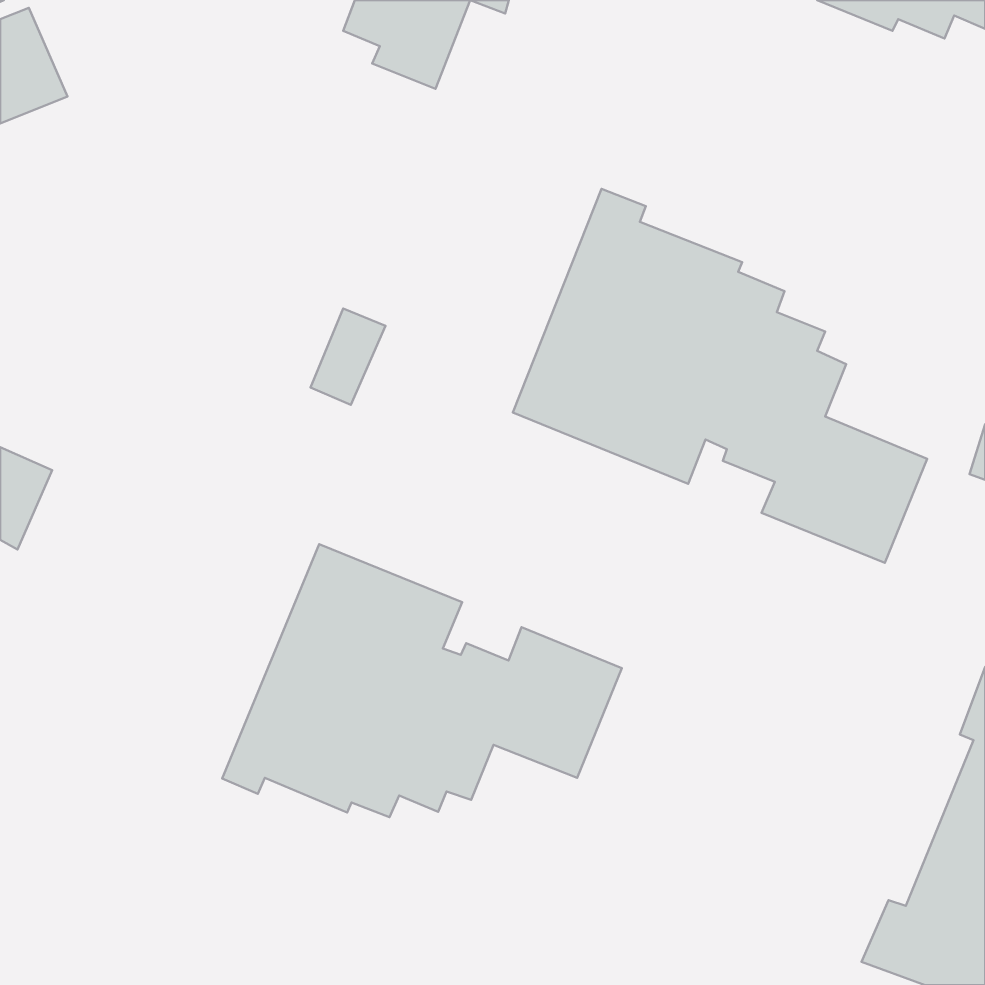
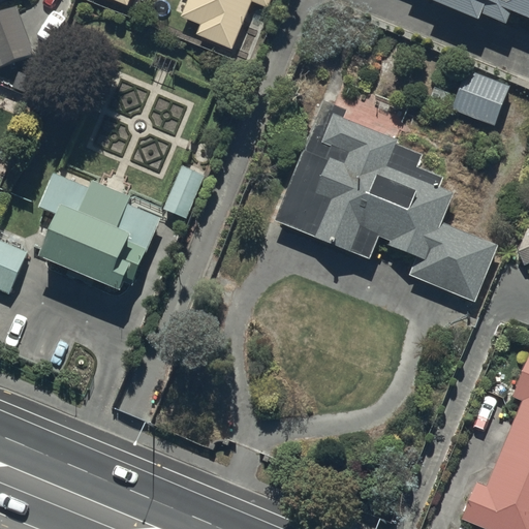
building: none -> [450,68,510,125]
building: none -> [37,168,164,289]
building: [222,544,622,817] -> none

